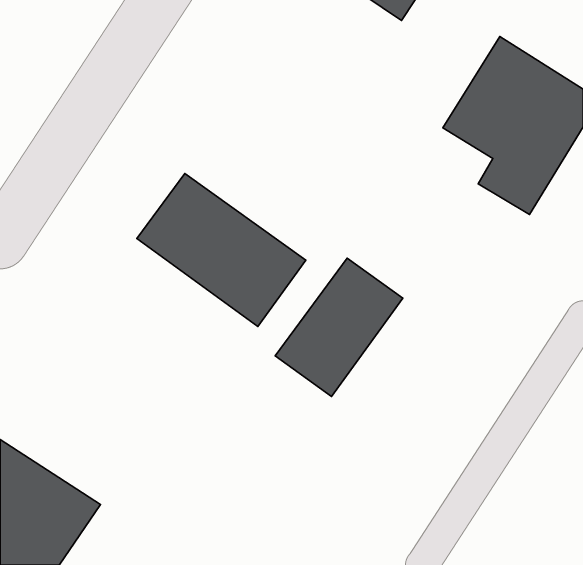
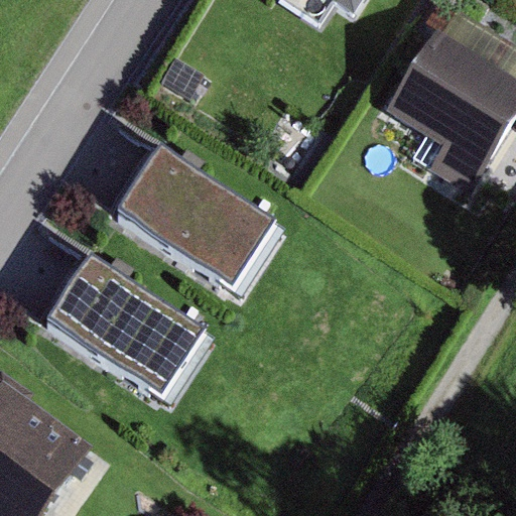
building: [275,258,403,397] -> none
building: none -> [47,258,207,398]

